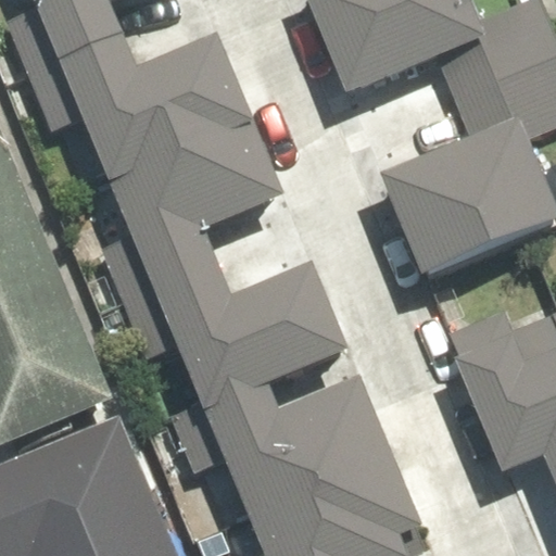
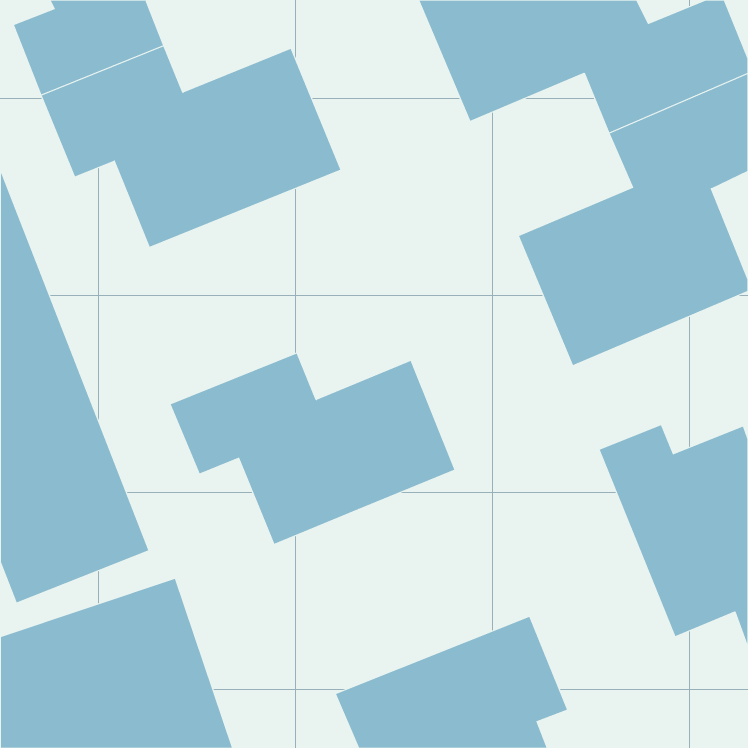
building: [103,126,282,300] -> none
building: [172,375,393,515] -> none

